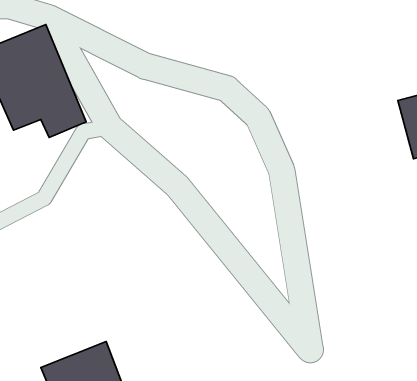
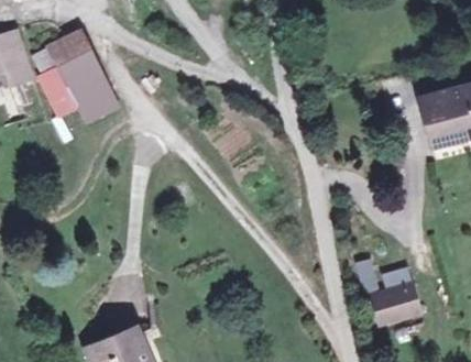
building: none -> [364,268,423,323]

